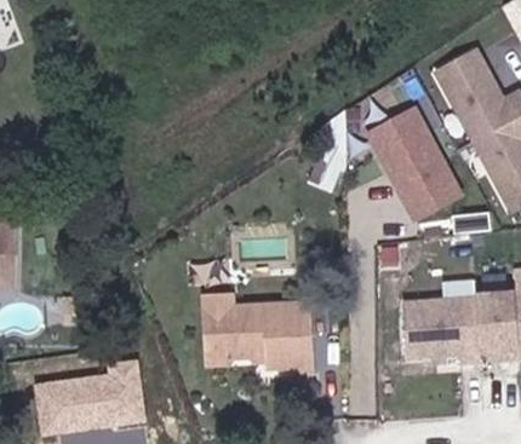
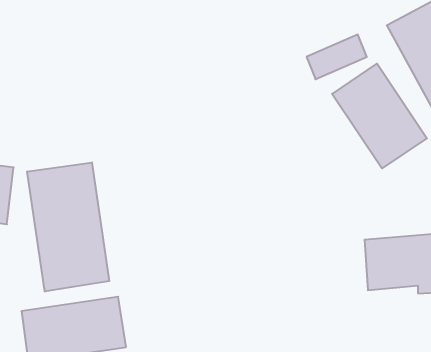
building: none -> [27,162,109,292]
building: [201,295,314,376] -> none

